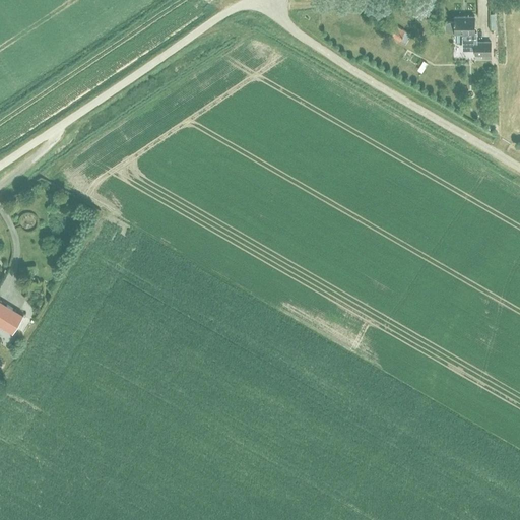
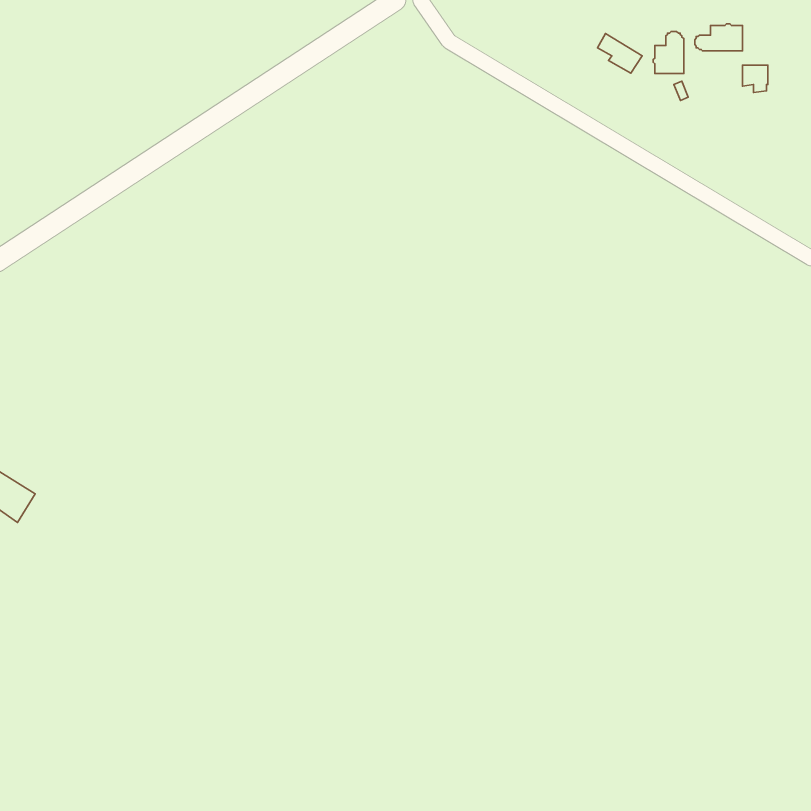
building: none -> [653,32,684,73]

